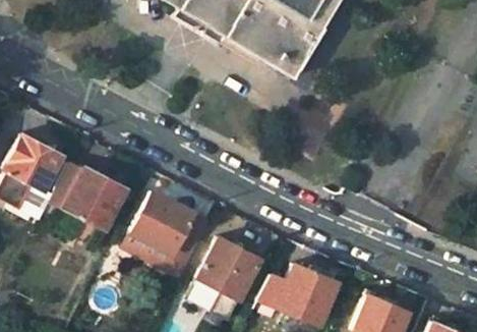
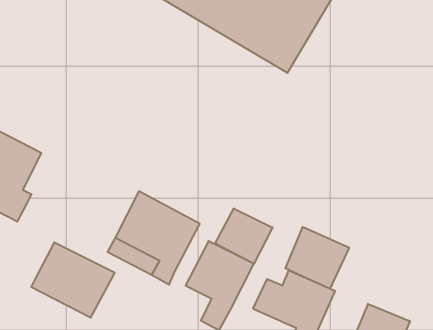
building: [49,158,127,228] -> [31,242,115,317]
building: none -> [215,208,273,264]
building: none -> [285,227,349,289]

